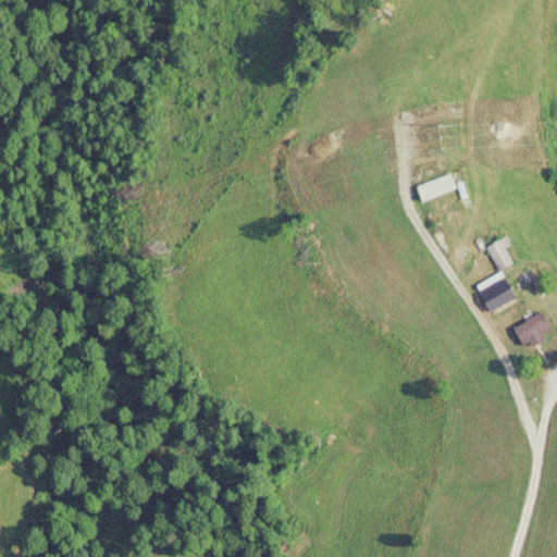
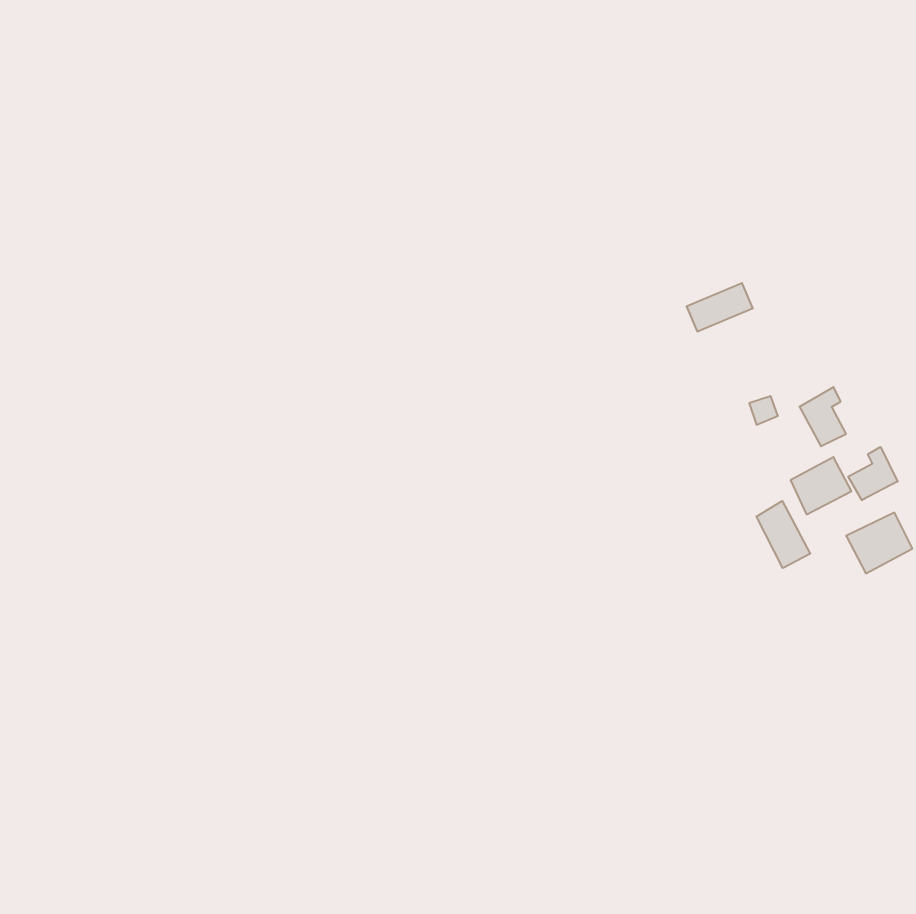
building: none -> [848,447,898,500]
building: none -> [756,501,810,568]

